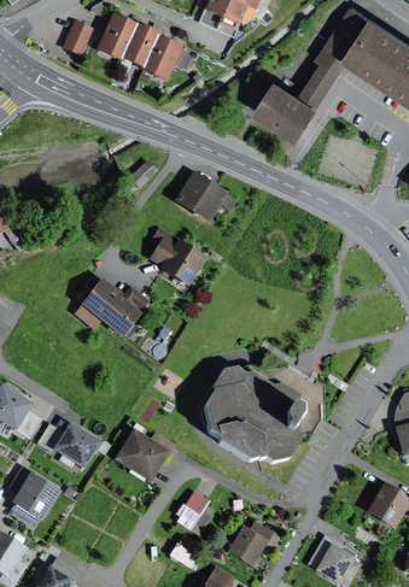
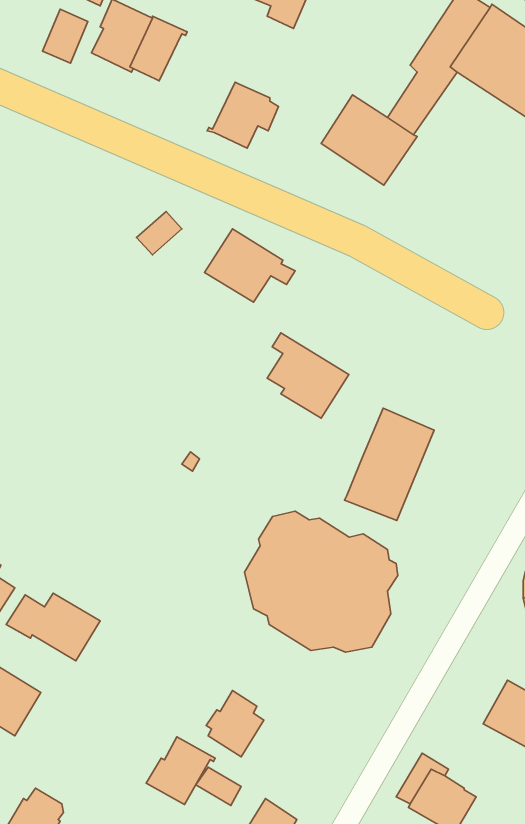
building: [139,35,188,81] -> [207,82,279,148]
building: [150,227,206,286] -> [267,333,349,418]
building: [74,275,150,336] -> none
building: none -> [345,408,434,520]
building: [113,427,175,482] -> none
building: [227,520,274,567] -> none
building: none -> [146,737,215,805]

